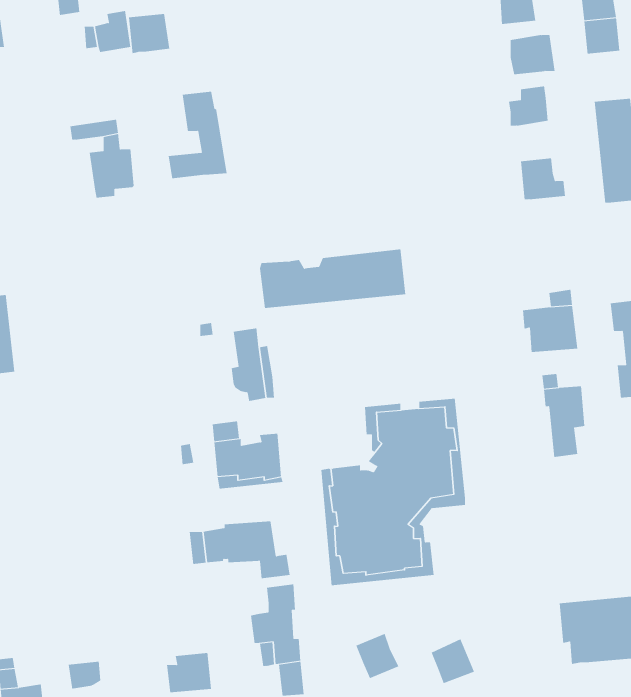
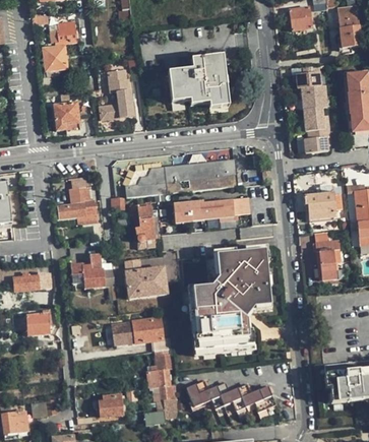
building: [128,14,170,54] -> [43,47,67,70]
building: [510,35,556,75] -> [301,85,327,109]
building: none -> [169,57,228,109]
building: none -> [304,129,330,153]
building: none -> [127,171,155,197]
building: none -> [58,176,96,224]
building: none -> [174,198,249,224]
building: none -> [71,253,105,289]
building: none -> [11,265,52,292]
building: none -> [27,314,49,335]
building: none -> [186,380,211,411]
building: none -> [228,383,255,412]

